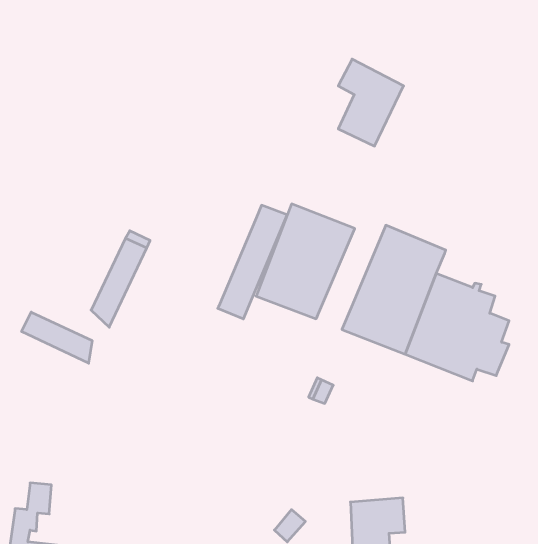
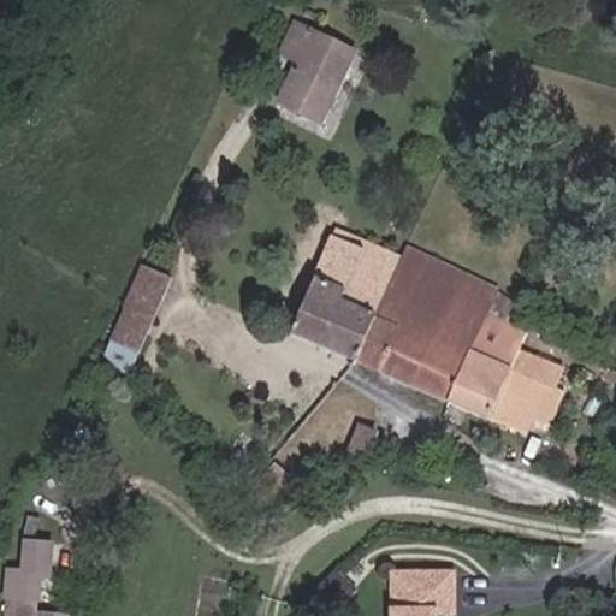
building: [338,59,404,146] -> [276,26,349,124]
building: [218,205,287,319] -> [355,247,433,374]
building: [22,312,92,363] -> none

